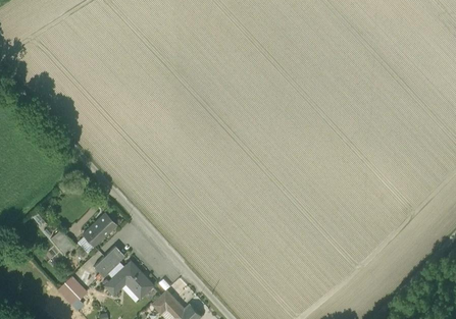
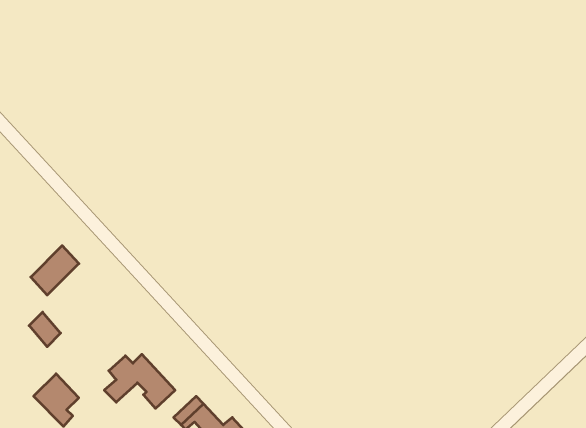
building: [83,213,115,247] -> [31,246,79,295]
building: [93,246,123,276] -> none

